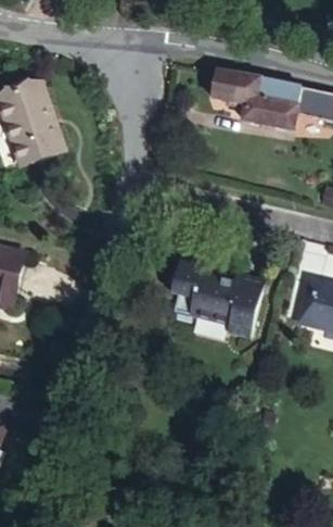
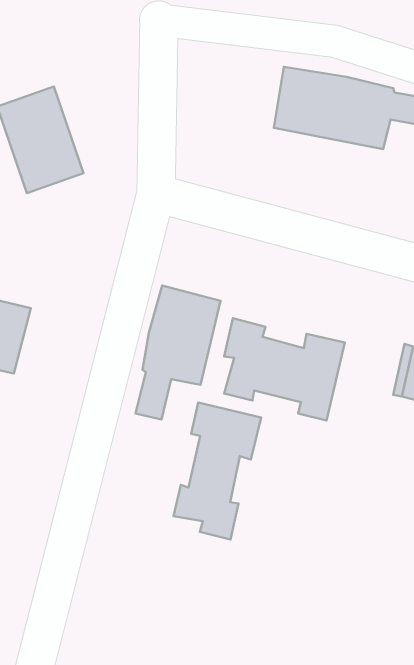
building: none -> [135,285,220,419]
building: none -> [174,403,261,540]

